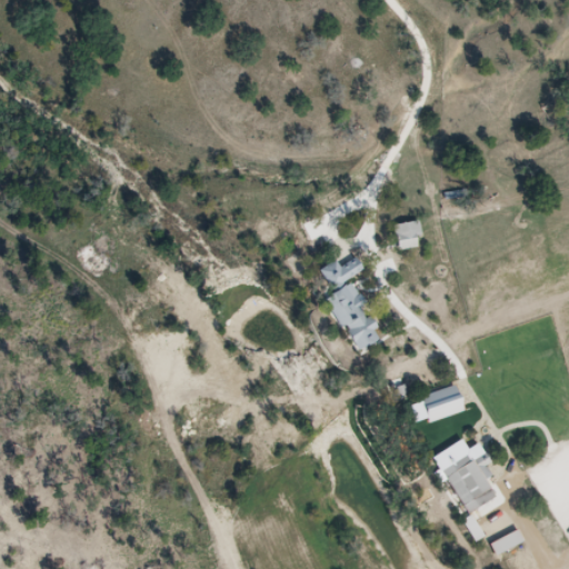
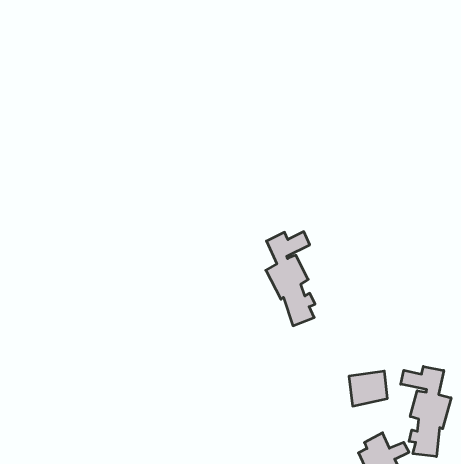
building: [392,221,421,251] -> none
building: none -> [401,366,451,457]

